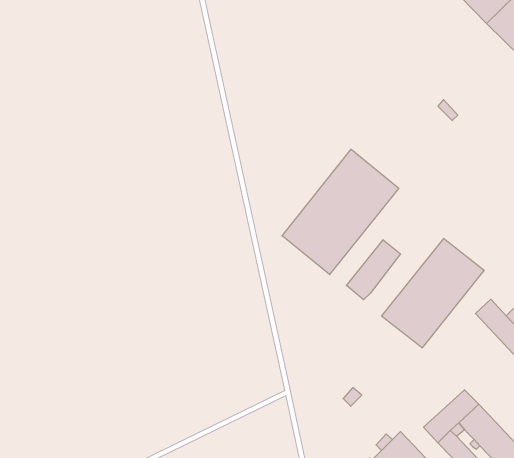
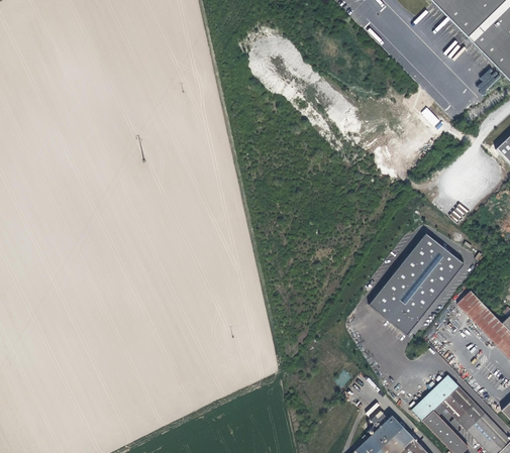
building: [282,149,399,275] -> none
building: [346,240,400,300] -> none

